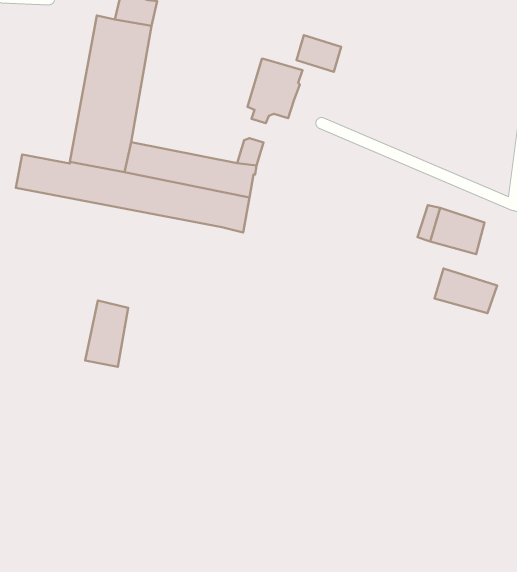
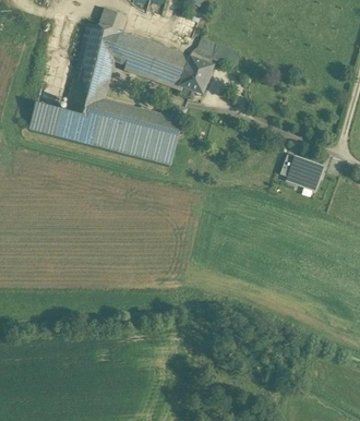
building: none -> [123,34,189,85]
building: [435,269,497,313] -> none
building: [85,301,128,367] -> none

